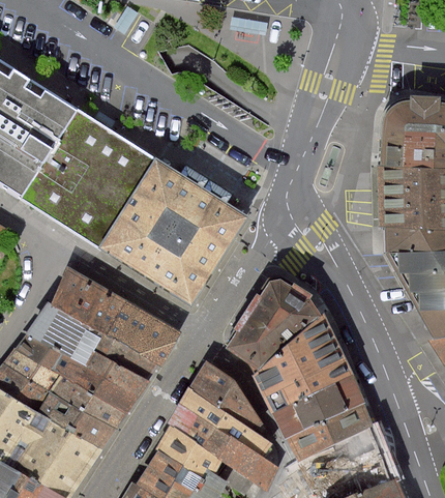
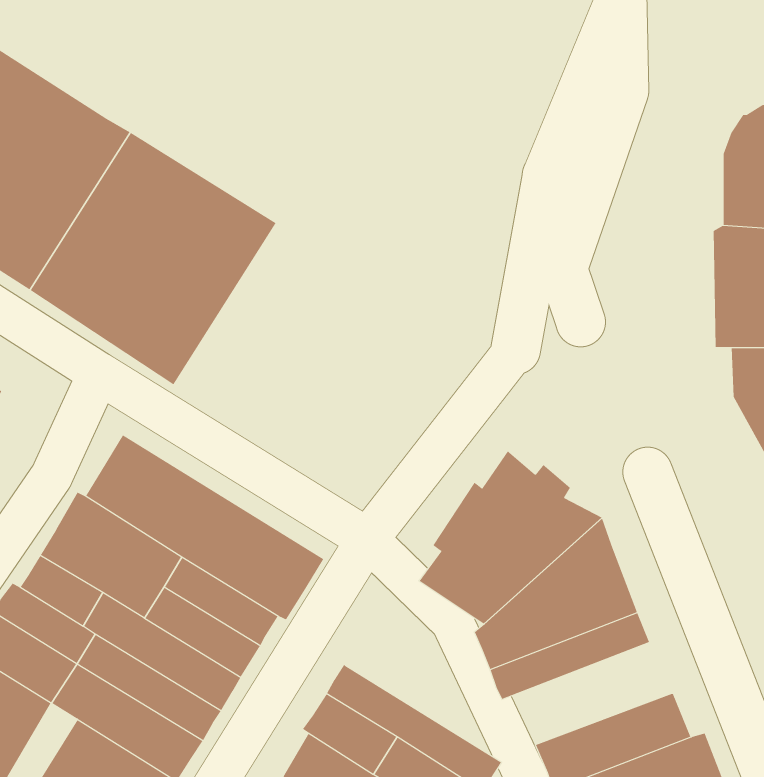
building: [99,159,244,302] -> none
building: [189,363,260,432] -> none
building: [271,379,360,436] -> none

